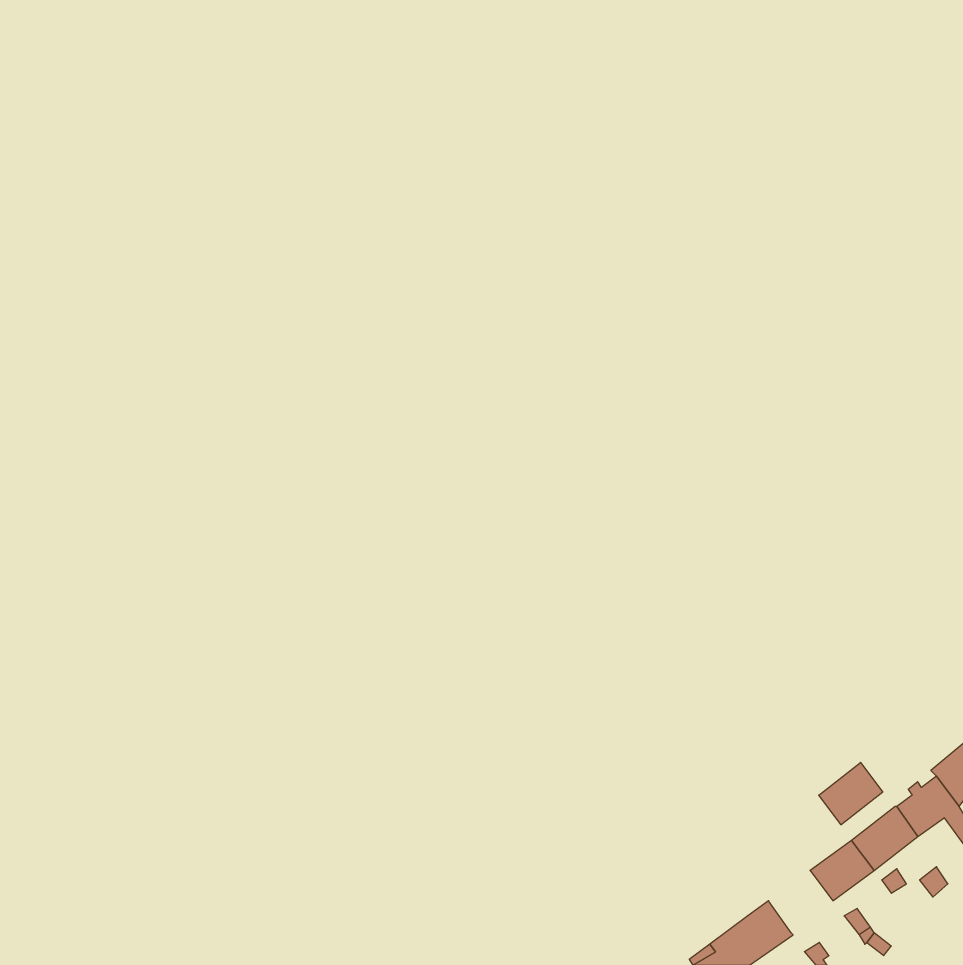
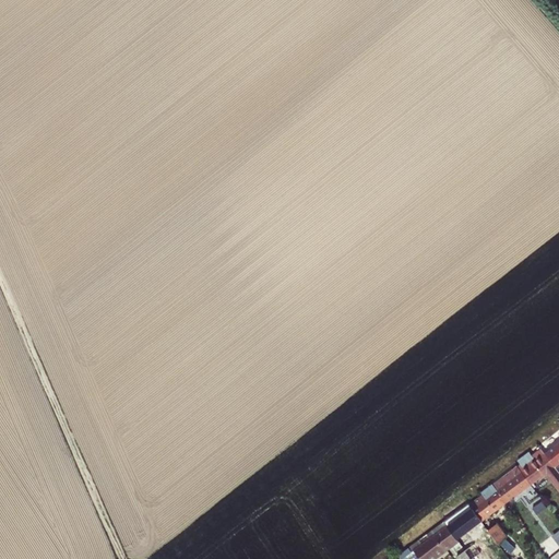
building: [819,762,883,825] -> none
building: none -> [445,503,483,539]

